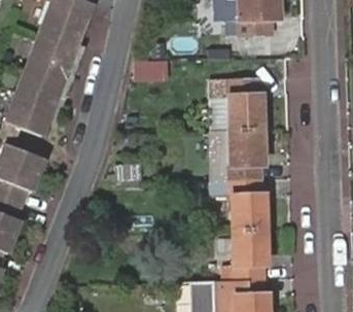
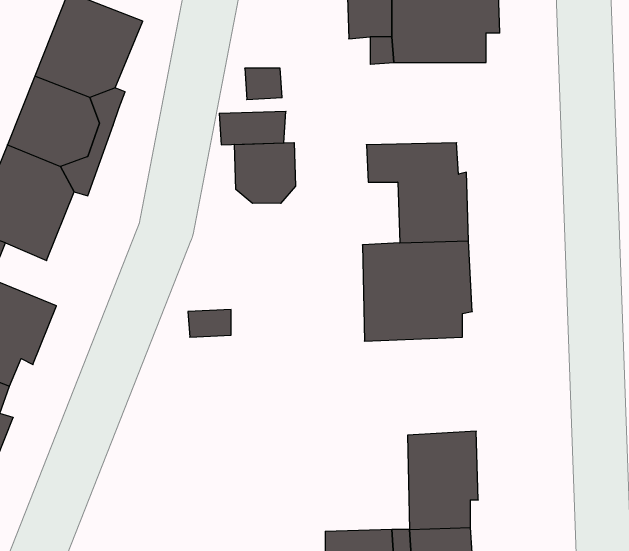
building: none -> [235,143,296,203]
building: [209,178,268,230] -> none

